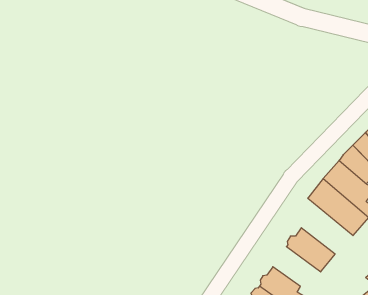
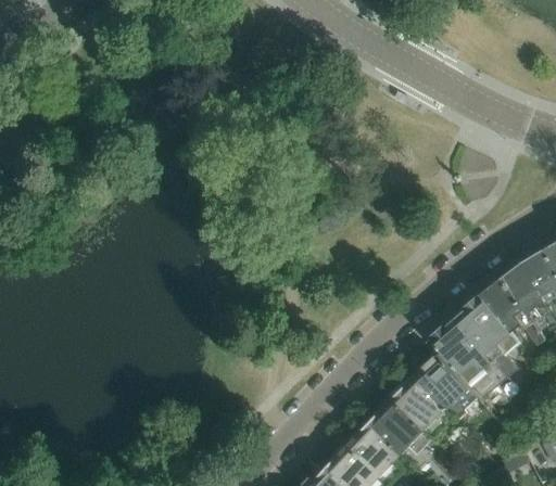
building: none -> [416,354,480,420]
building: none -> [369,397,432,453]

